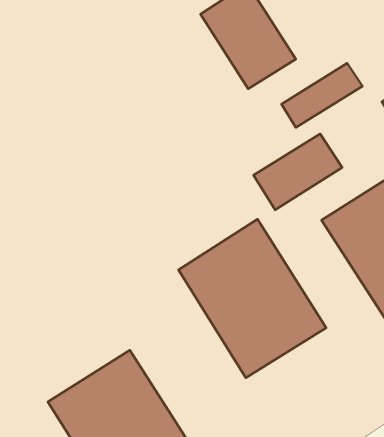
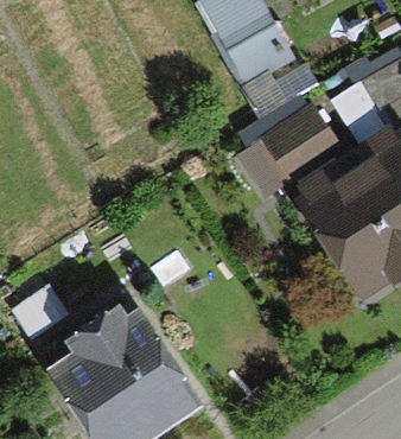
building: [178,219,326,378] -> none

